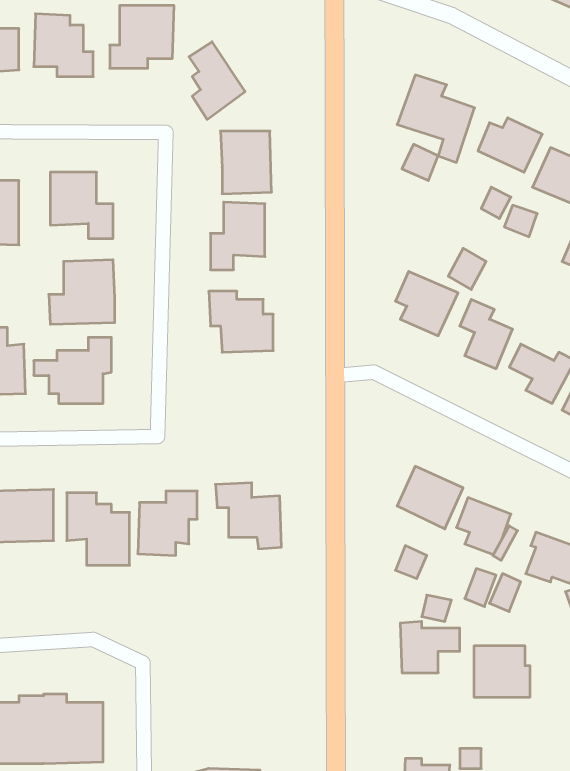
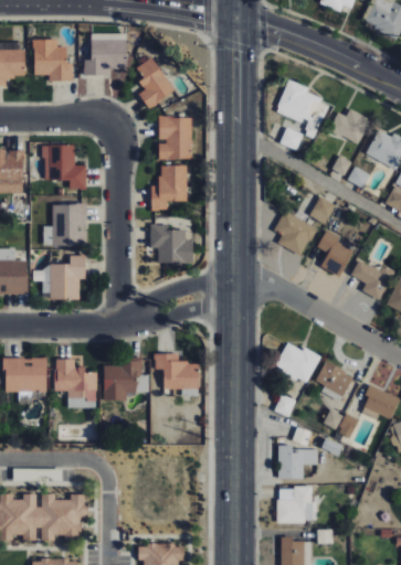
building: [474,646,530,697] -> [278,488,316,522]

